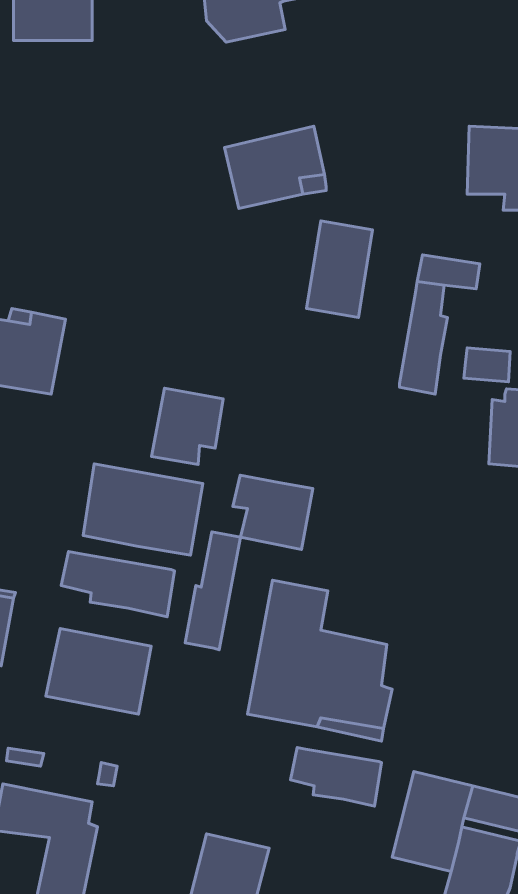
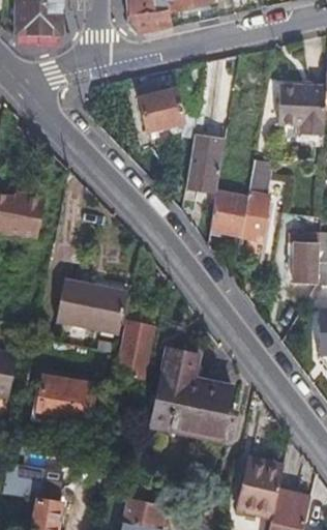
building: none -> [211,175,249,233]
building: [152,388,223,465] -> none
building: [233,475,313,550] -> none
building: [61,552,175,617] -> none
building: [290,748,382,806] -> none

